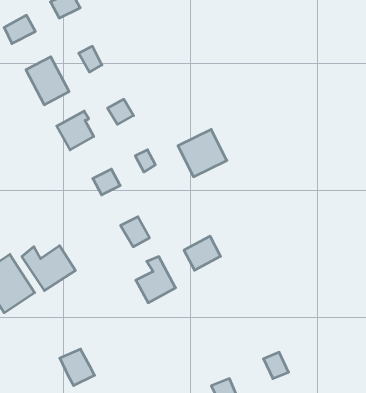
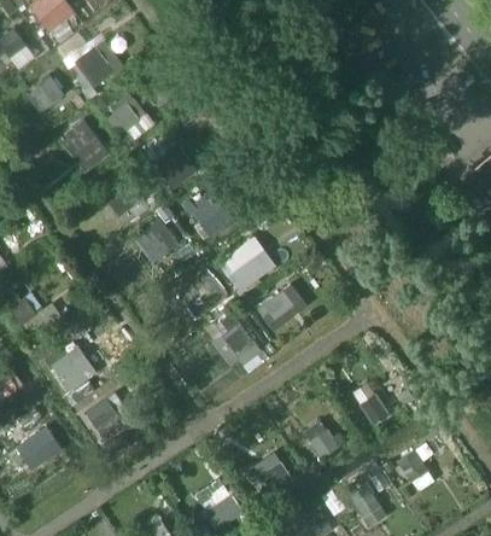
building: [178,129,227,177] -> [221,238,275,291]
building: [22,246,75,291] -> none
building: [60,349,95,386] -> [86,400,125,439]

